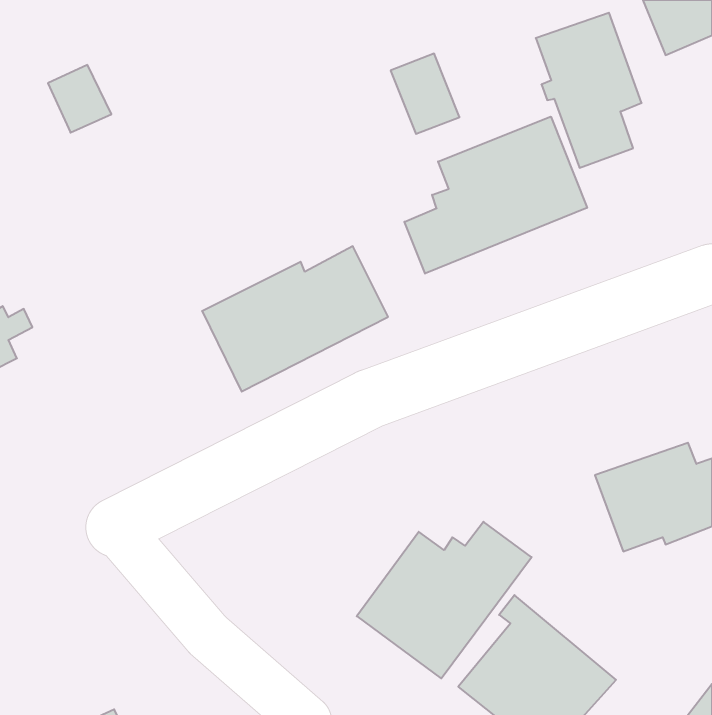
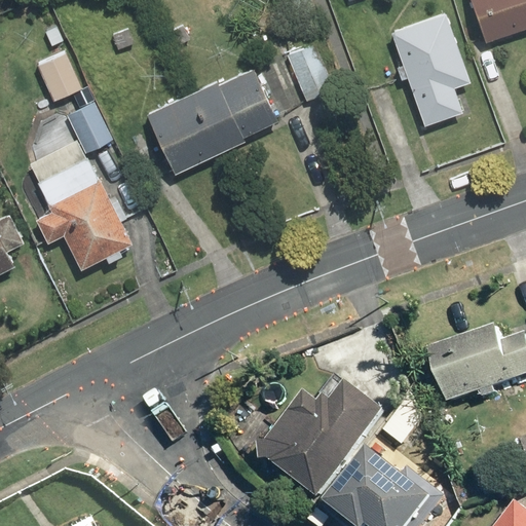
building: [404,117,587,274] -> none
building: none -> [29,104,132,268]
building: [202,246,388,392] -> [144,67,279,173]

